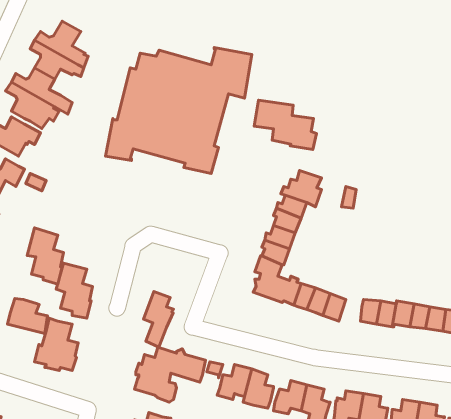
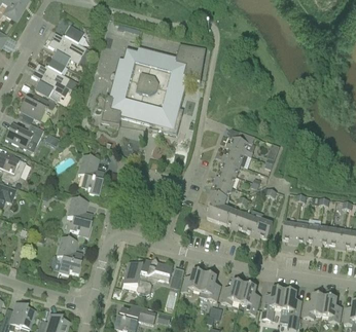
building: [254,100,316,149] -> none
building: [27,228,63,284] -> [77,153,103,193]
building: [144,292,173,347] -> none
building: [8,298,47,334] -> none

